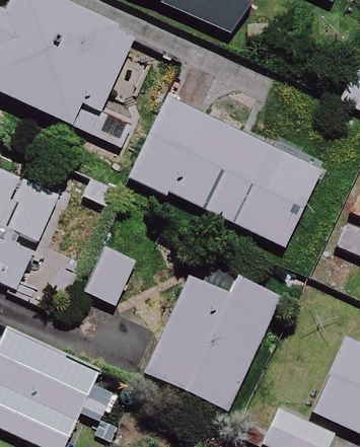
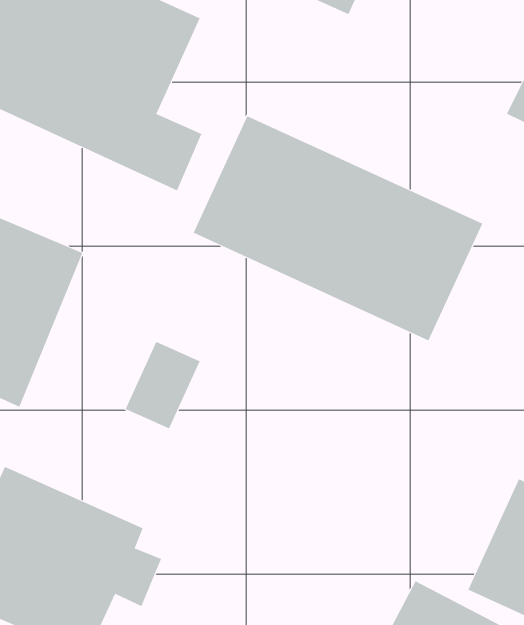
building: [144,274,278,408] -> none

